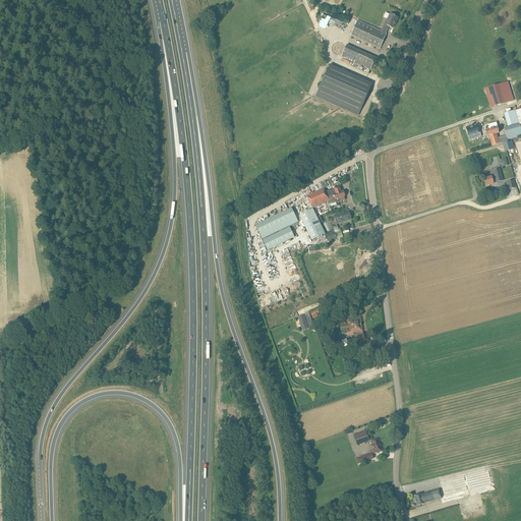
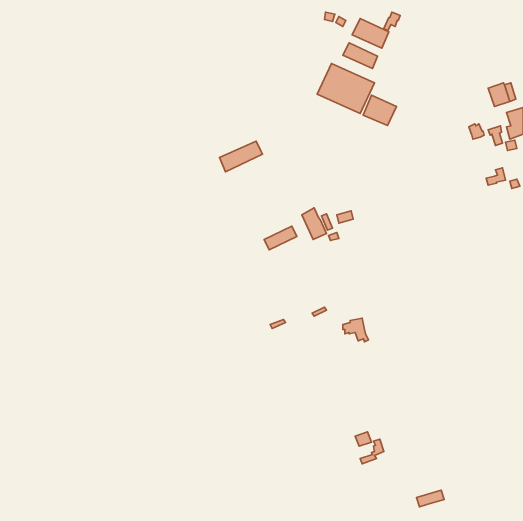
building: none -> [363,95,396,126]
building: [307,185,345,207] -> none
building: [255,207,298,237] -> [219,141,262,172]

